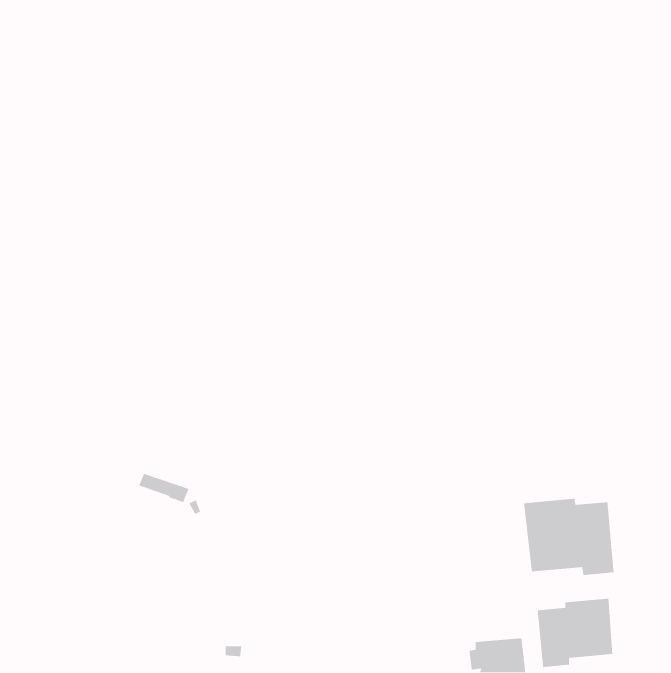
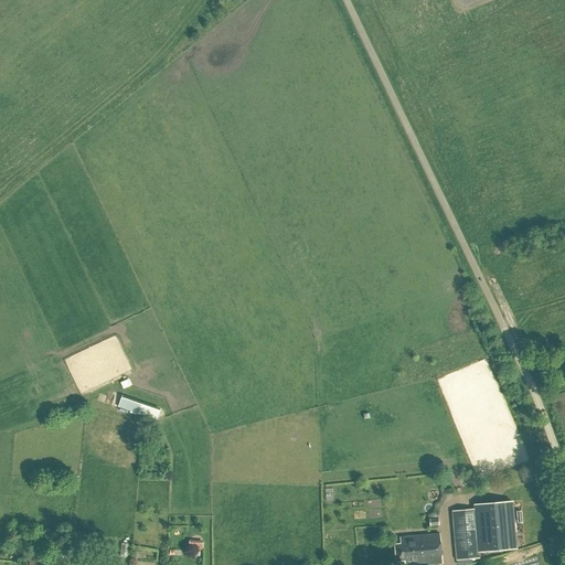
building: [523,498,615,576] -> none

